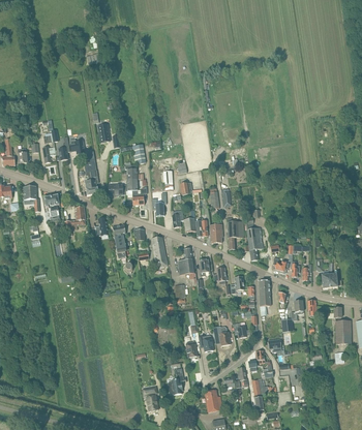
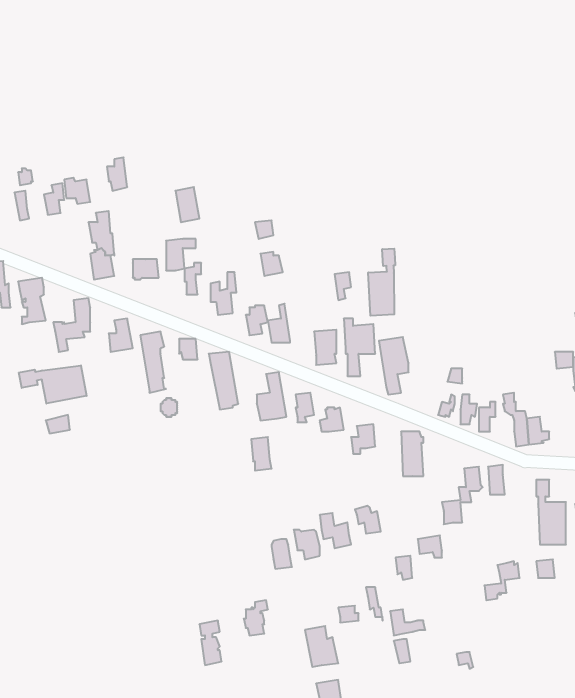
building: none -> [368,249,395,316]
building: none -> [19,365,87,404]

